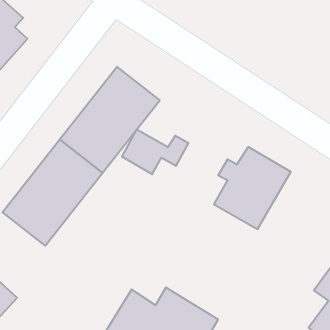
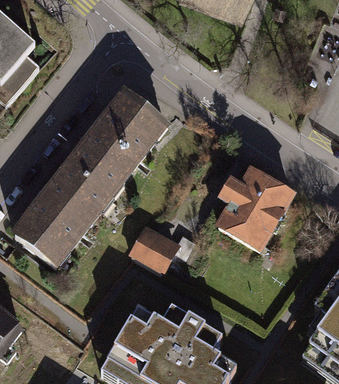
building: [122,130,189,174] -> [128,232,192,275]

